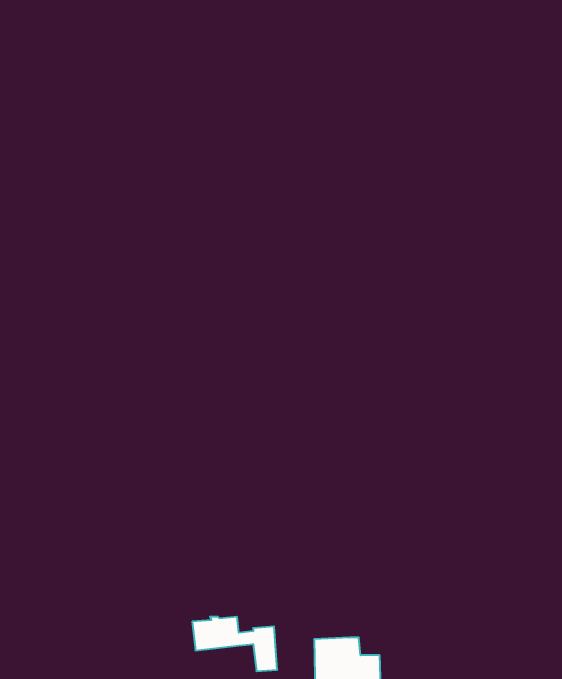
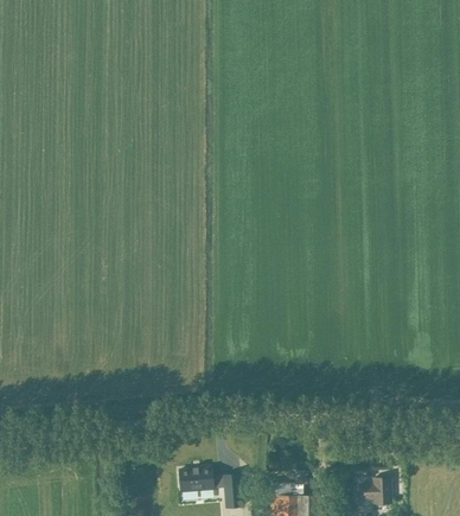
building: none -> [357,477,390,505]

